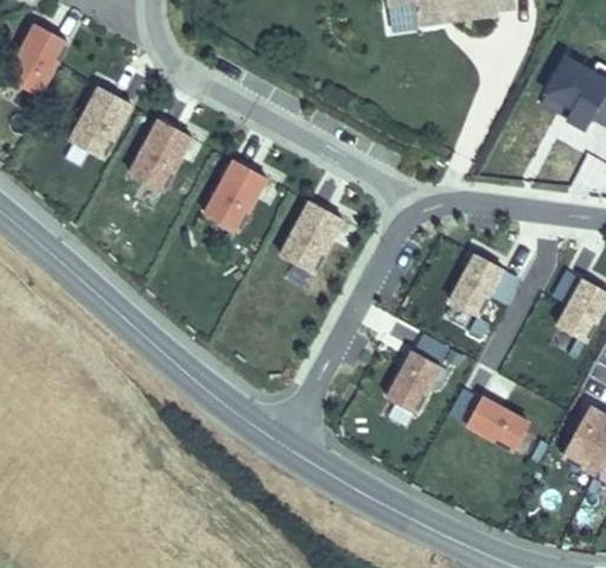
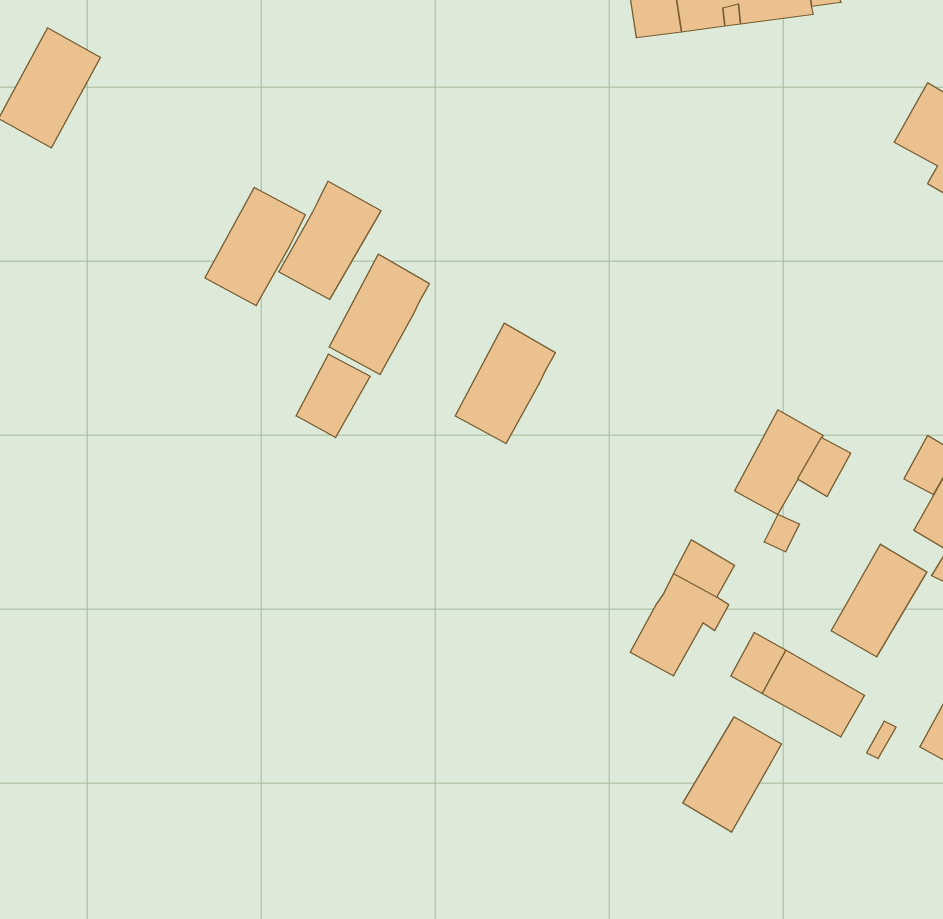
building: [70,85,132,157] -> [279,181,381,299]
building: none -> [296,354,370,438]
building: none -> [831,544,927,657]
building: none -> [683,717,782,832]

